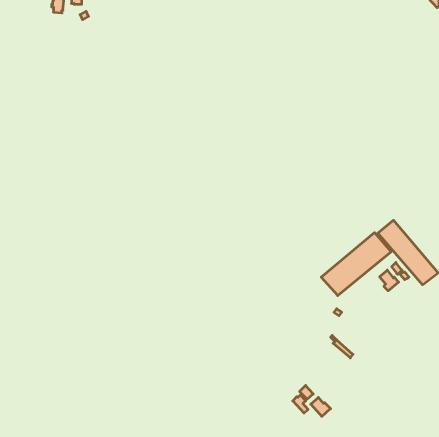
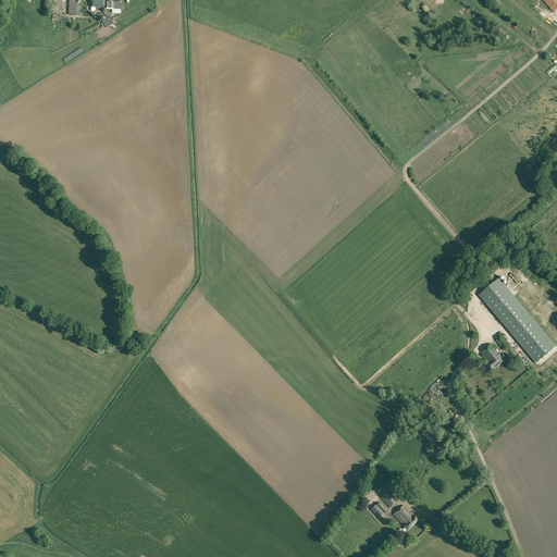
building: [321,233,391,296] -> none

